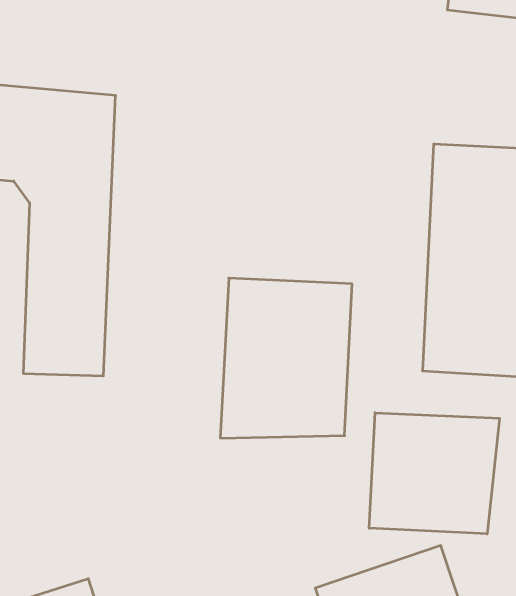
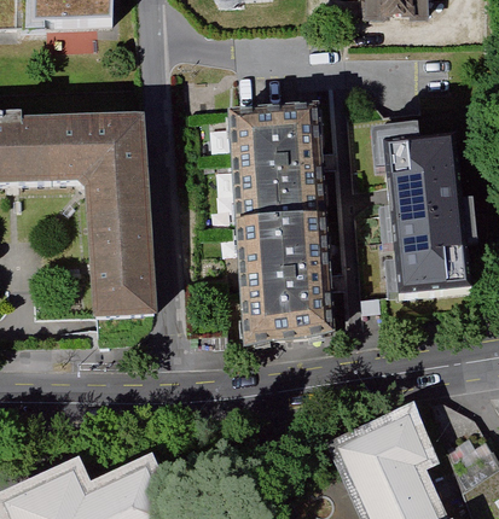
building: none -> [230,118,326,234]
building: [369,413,499,534] -> none

